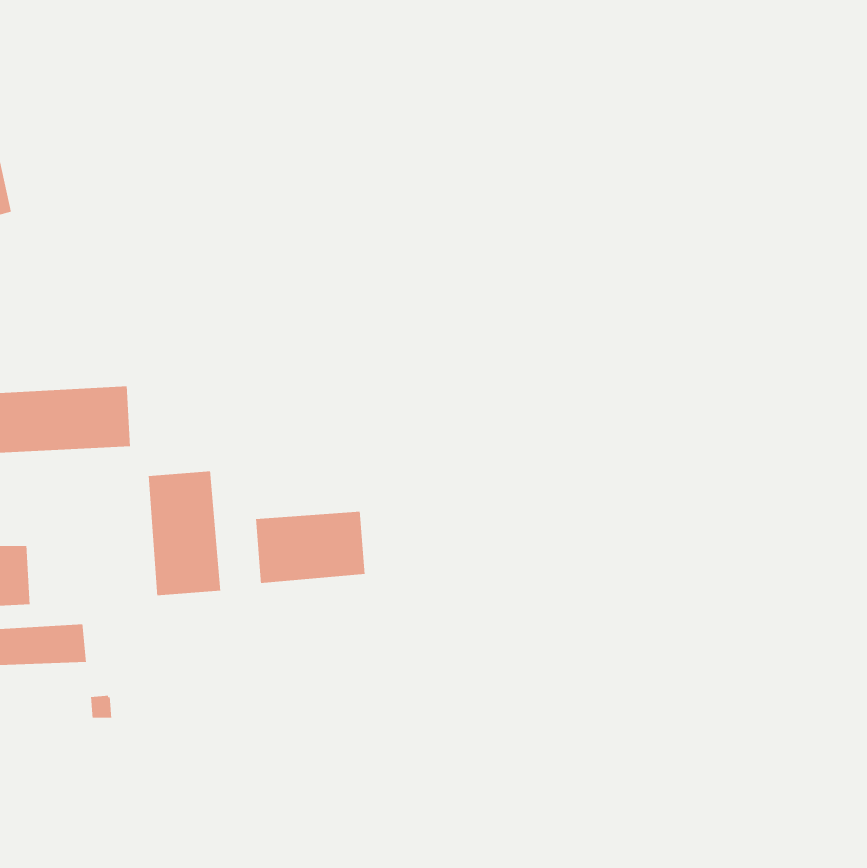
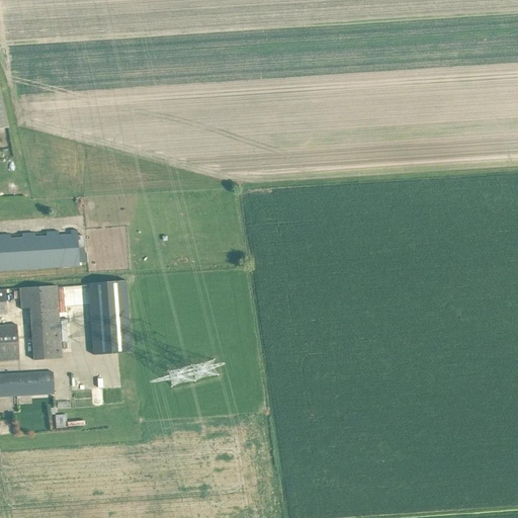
building: none -> [18,285,62,360]
building: [255,511,366,584] -> none

